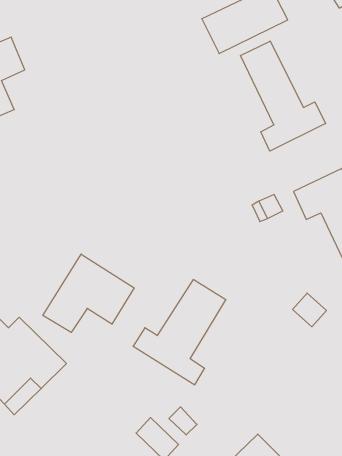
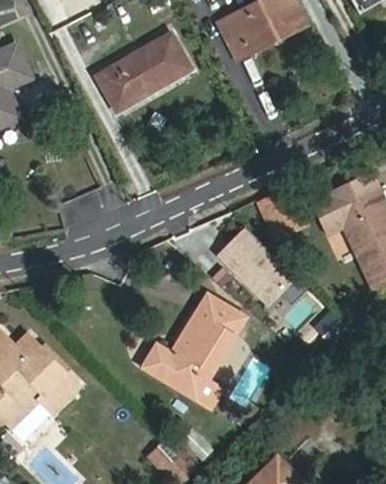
building: none -> [95,31,190,111]
building: [241,41,326,151] -> none
building: none -> [221,229,298,303]
building: [43,254,134,332] -> none

